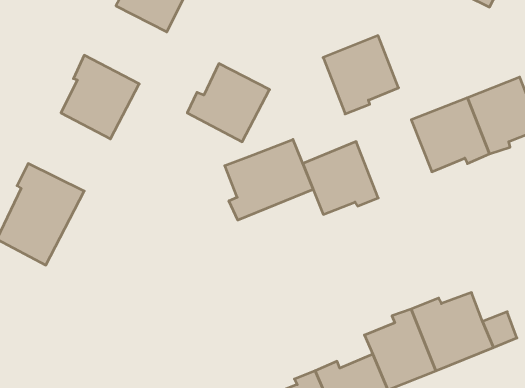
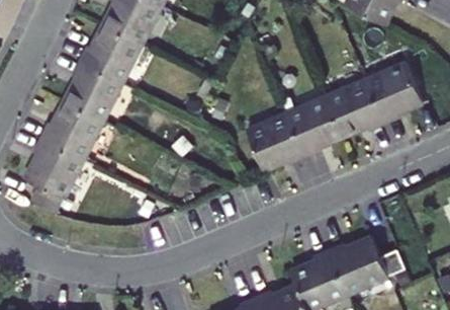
building: [323,36,399,114] -> [283,108,339,166]
building: [187,64,270,142] -> [83,24,144,82]
building: none -> [41,103,102,161]
building: [225,139,313,220] -> none

